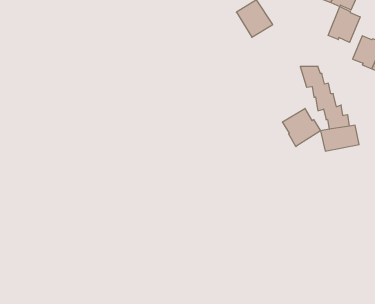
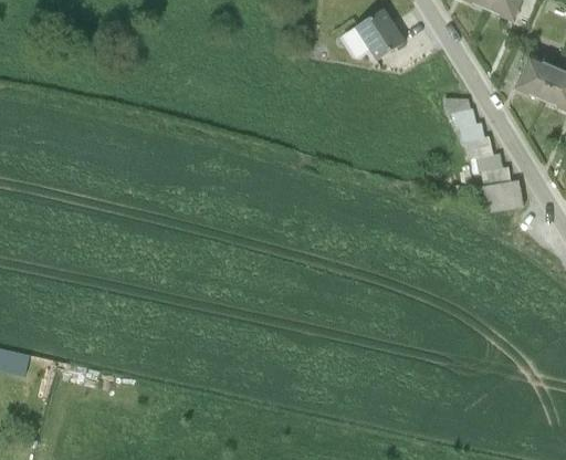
building: [328,7,360,42] -> none
building: [283,108,320,147] -> none

